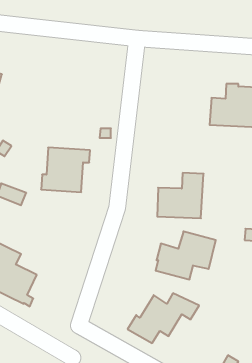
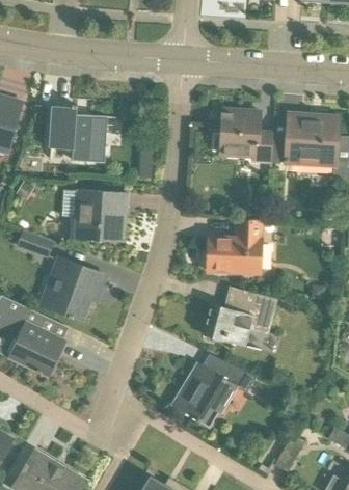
building: none -> [49,106,107,163]
building: none -> [221,109,271,162]
building: none -> [37,256,106,320]

